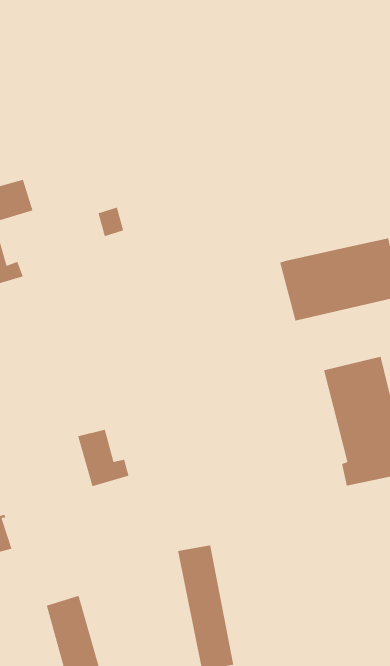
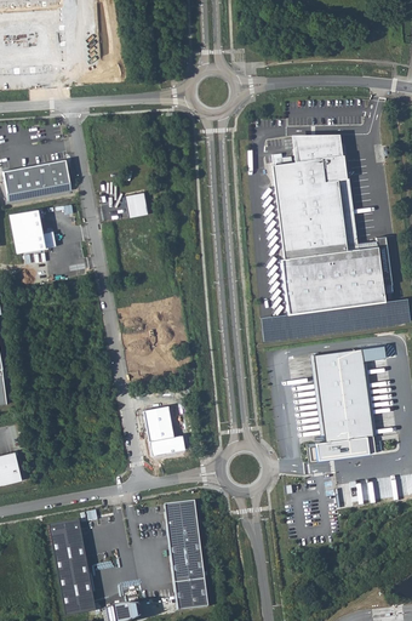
building: none -> [273,130,359,255]
building: [77,429,130,487] -> [143,408,185,457]

